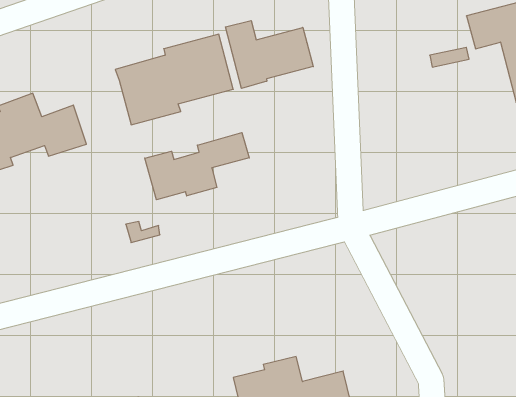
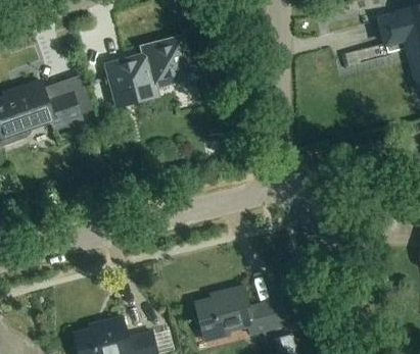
building: [225,21,313,88] -> none
building: [145,133,249,200] -> none

